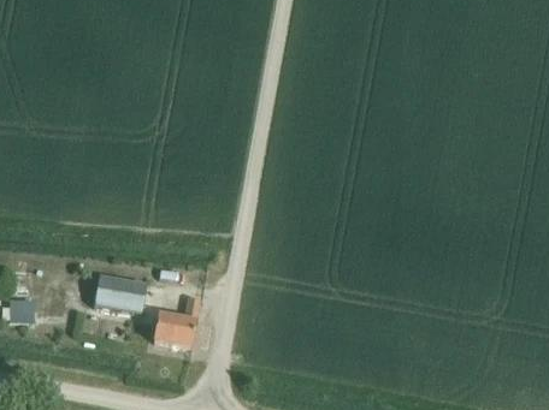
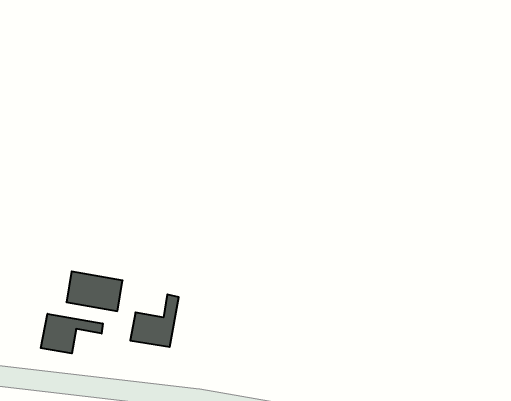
building: none -> [41,314,103,353]

